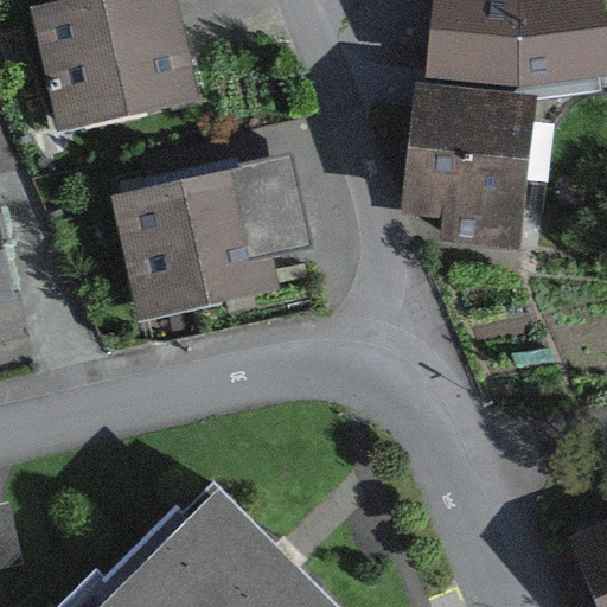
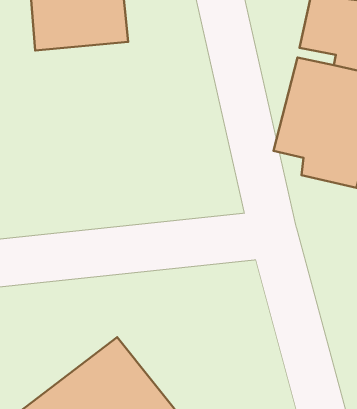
building: [124,171,301,307] -> none

